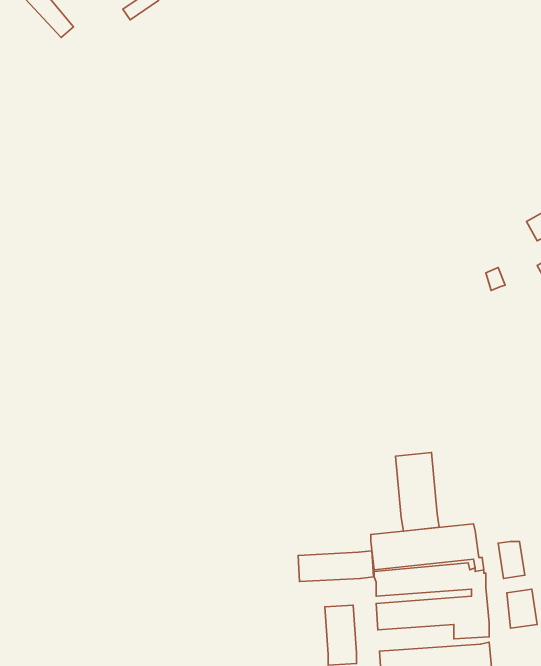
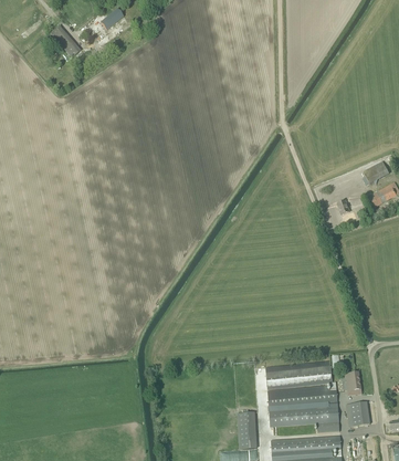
building: [396,452,439,531] -> none
building: [298,551,374,582] -> none

